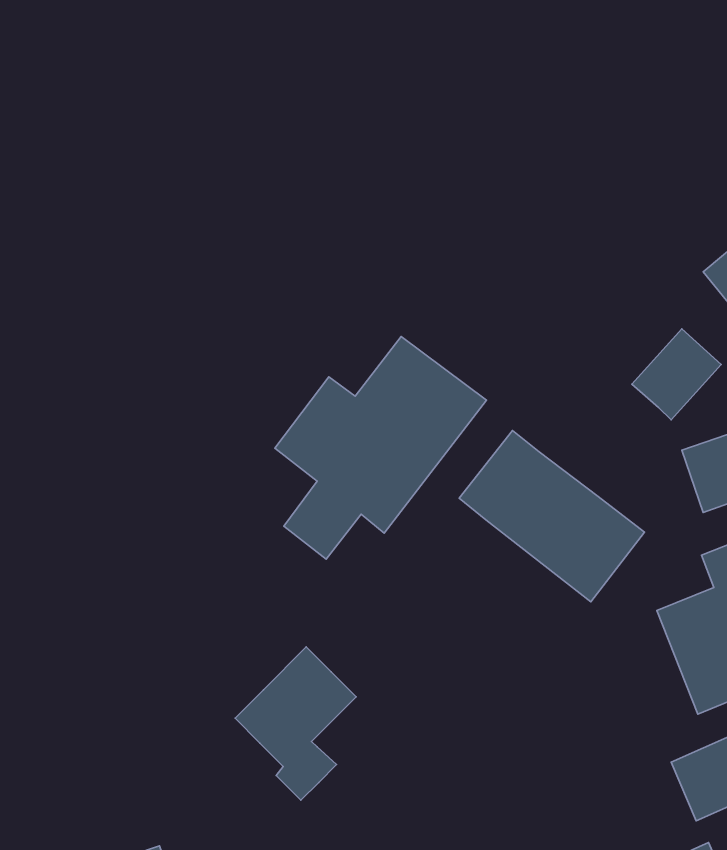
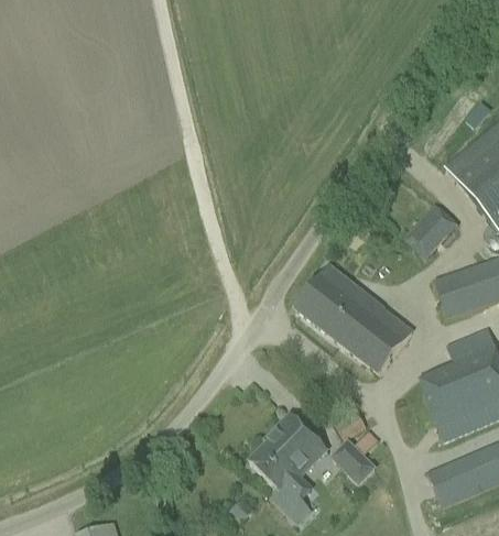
building: [275,336,487,559] -> none
building: [235,647,356,800] -> [250,417,325,512]
building: none -> [333,440,376,484]

